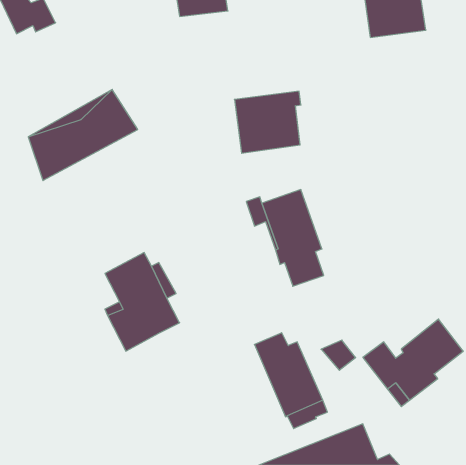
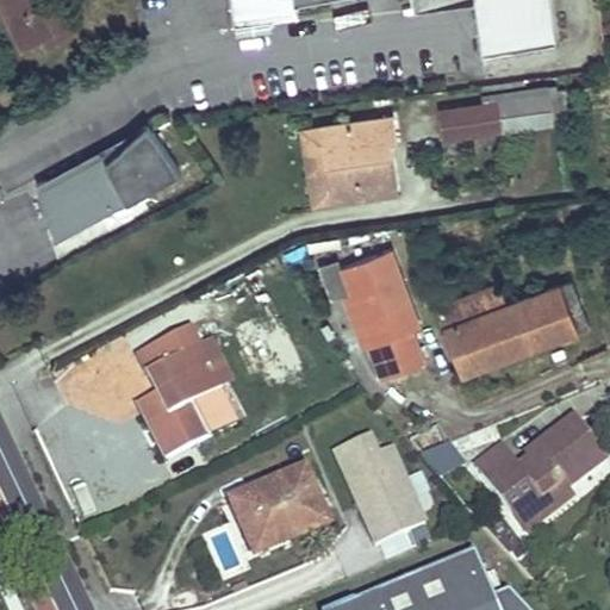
building: none -> [443,97,550,137]
building: none -> [438,276,591,372]
building: none -> [228,473,320,548]

